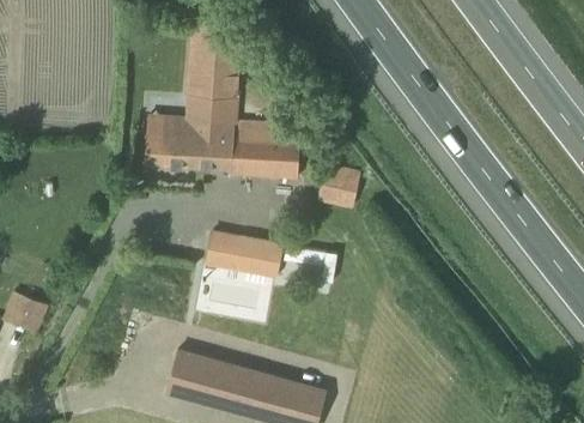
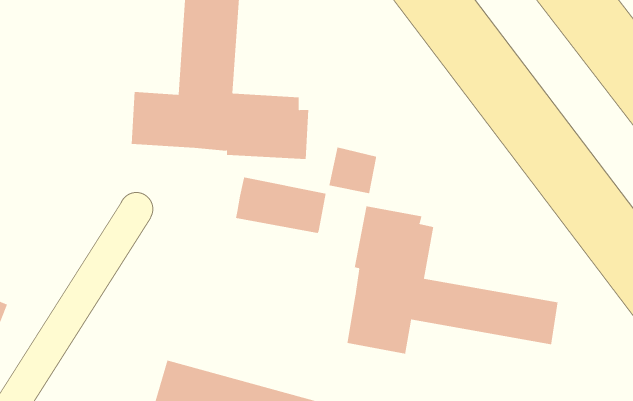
building: none -> [347,206,558,355]
building: [205,230,284,279] -> [235,177,326,234]

